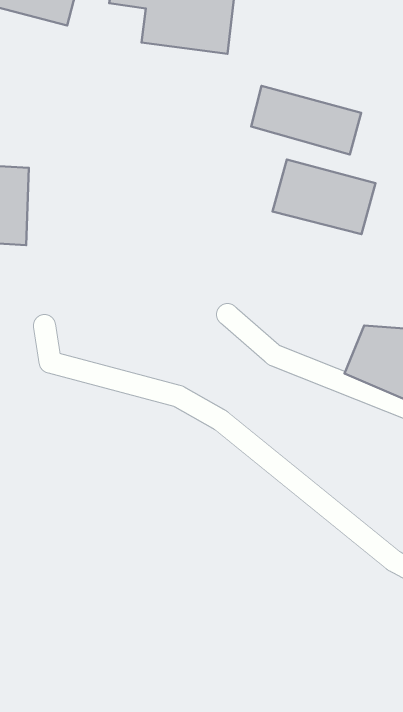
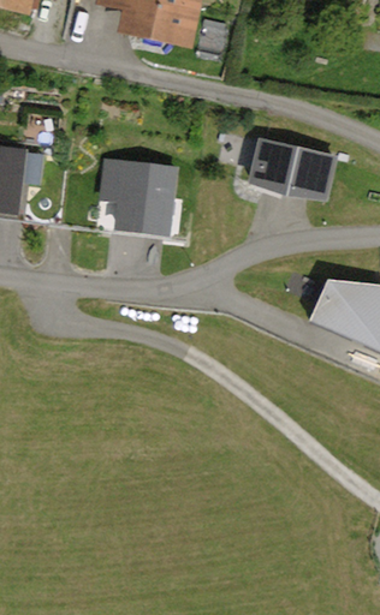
building: [251,86,361,154] -> none
building: none -> [107,159,183,234]

